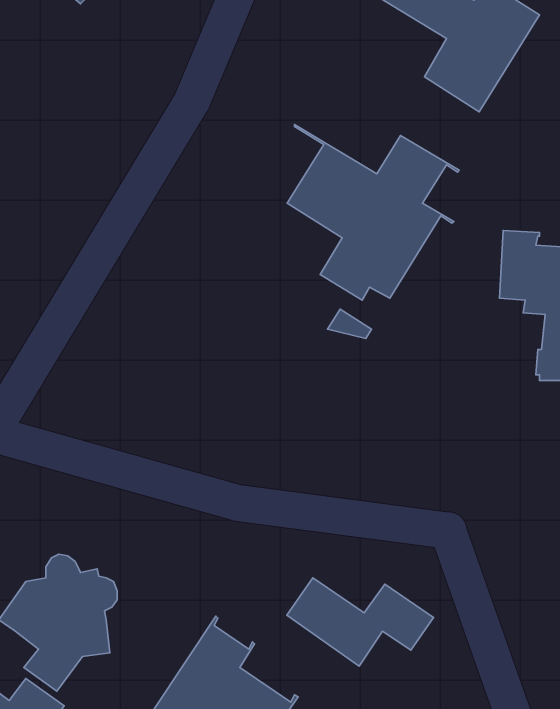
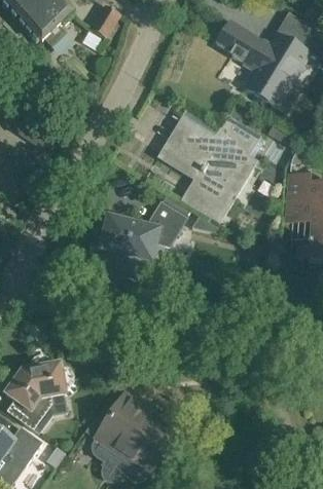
building: none -> [87,202,185,272]
building: [287,578,433,666] -> none

